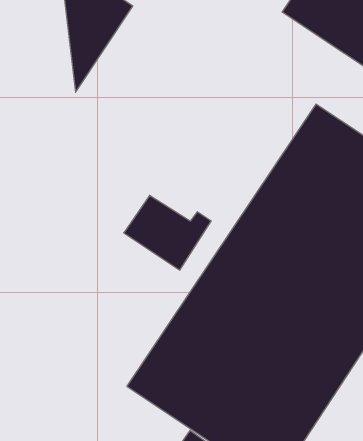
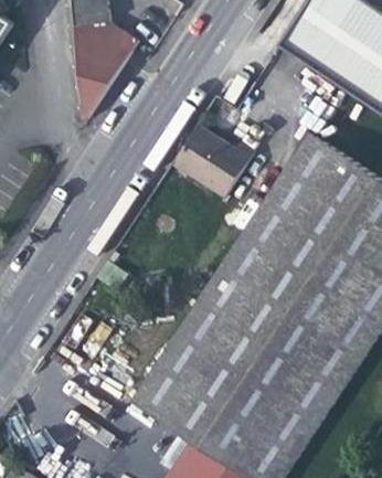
building: [124,195,211,270] -> [179,124,262,194]

